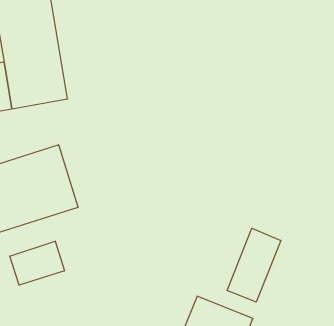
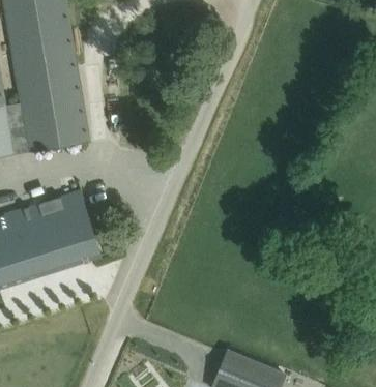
building: [227,228,281,302] -> none
building: [10,241,64,285] -> none

